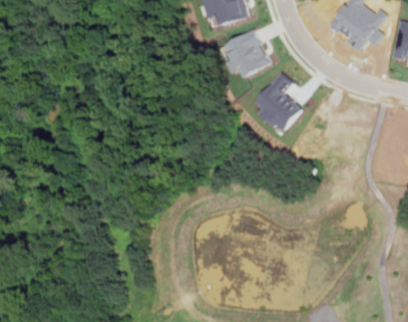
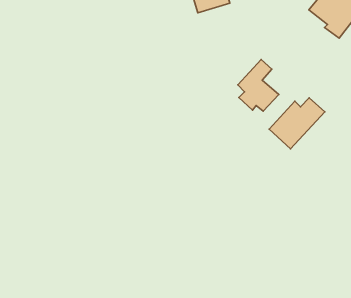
building: [230,31,269,75] -> none
building: none -> [269,98,325,149]

